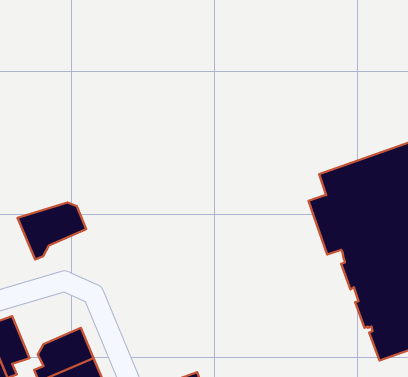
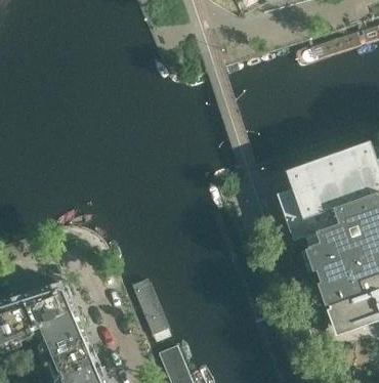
building: [18,203,86,260] -> [16,284,77,334]
building: none -> [133,280,174,345]

